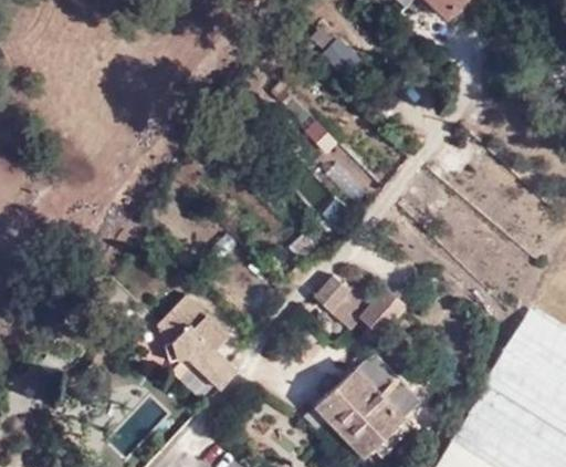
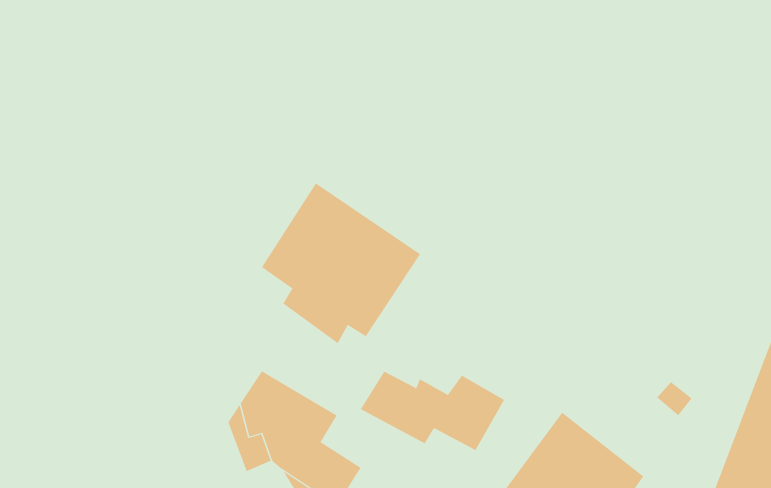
building: none -> [261,182,421,344]
building: [313,277,408,339] -> [360,371,505,451]

